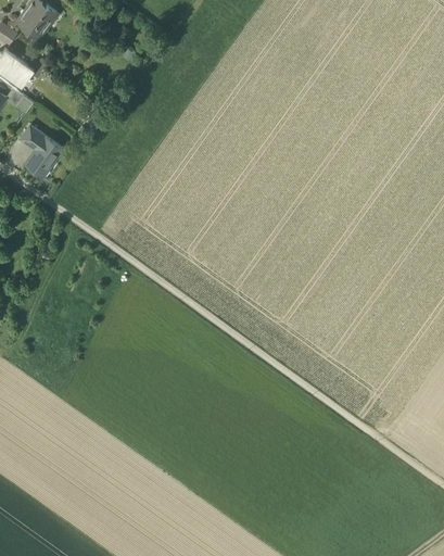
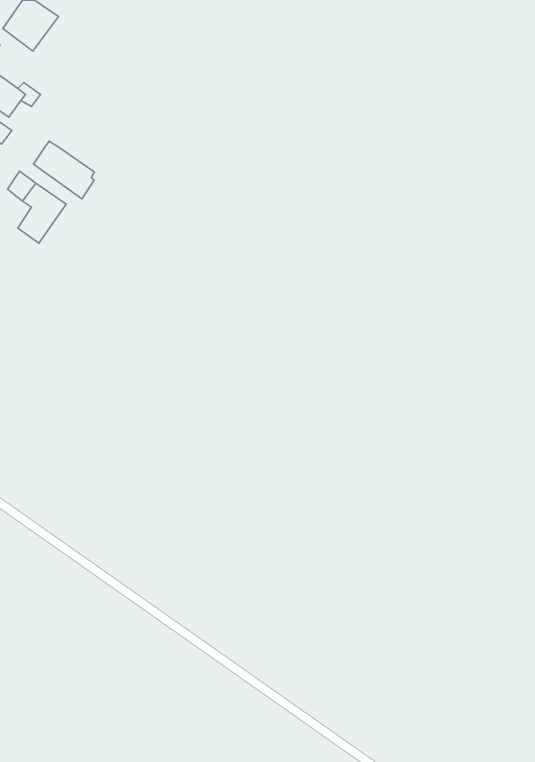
building: none -> [33,141,94,199]

